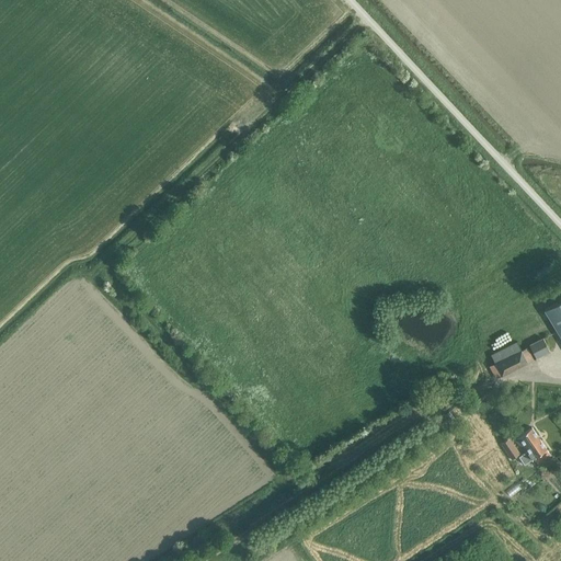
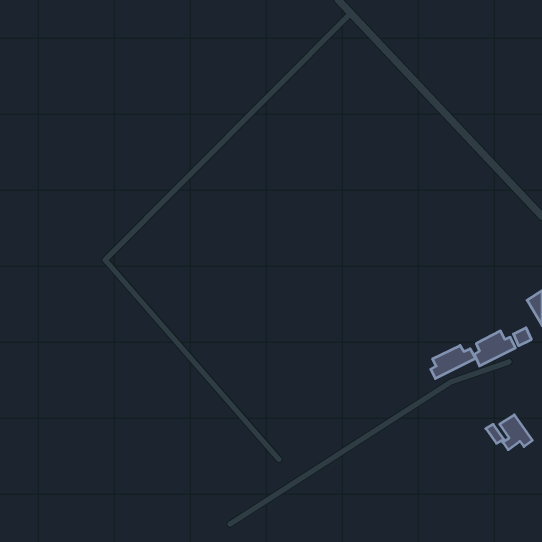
building: none -> [431,345,475,379]

